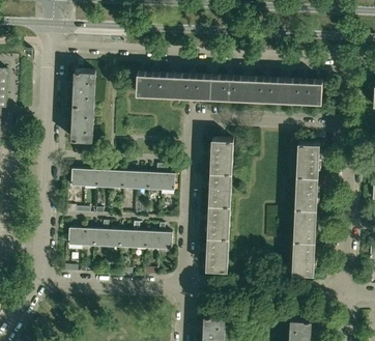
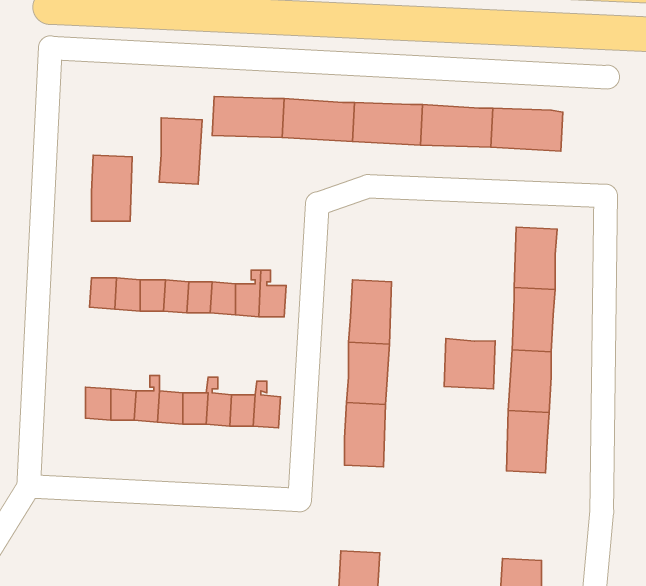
building: [73,72,95,107] -> [159,118,202,184]
building: [210,140,233,173] -> none
building: none -> [444,339,495,389]

